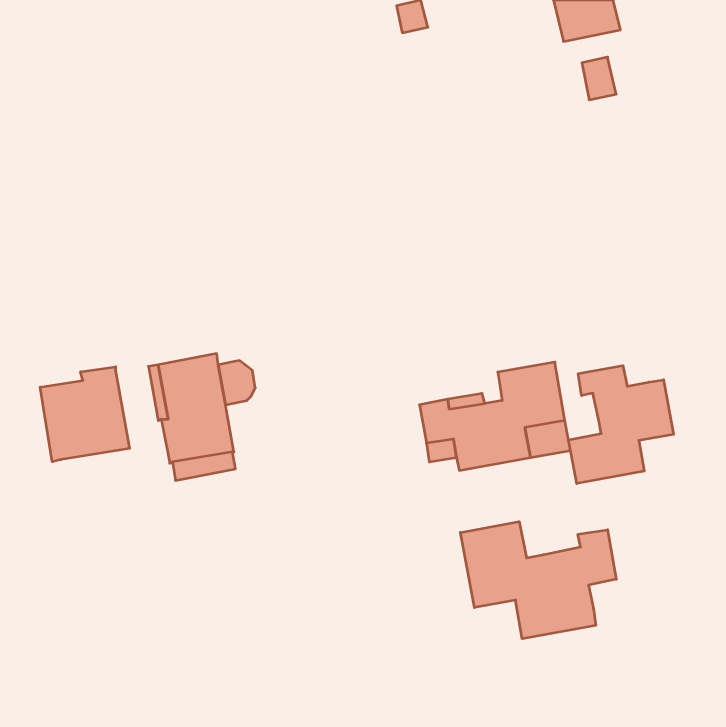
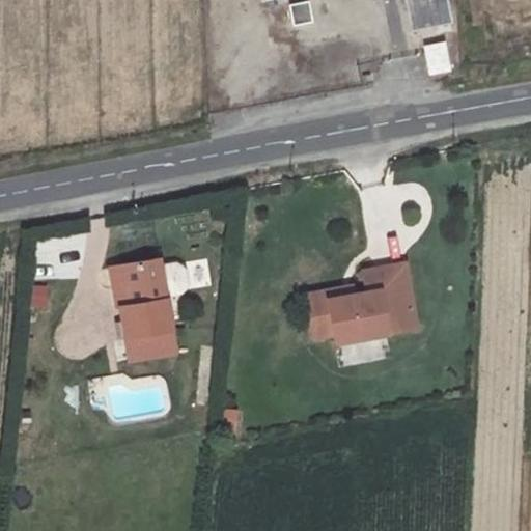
building: [569,366,674,484] -> none
building: [40,367,130,462] -> none
building: [460,522,616,639] -> none

